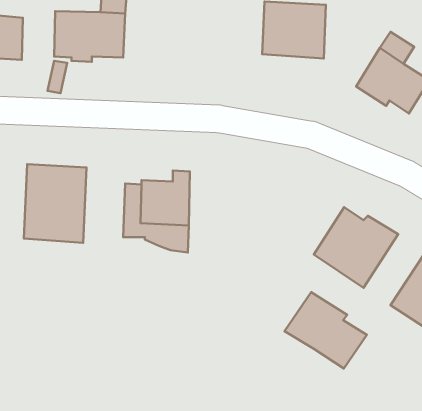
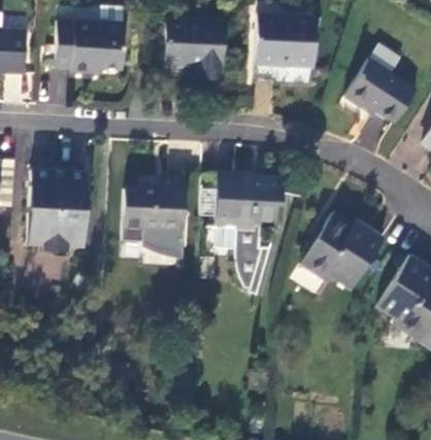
building: none -> [165,22,223,79]
building: none -> [200,175,283,297]
building: [285,292,367,369] -> none

